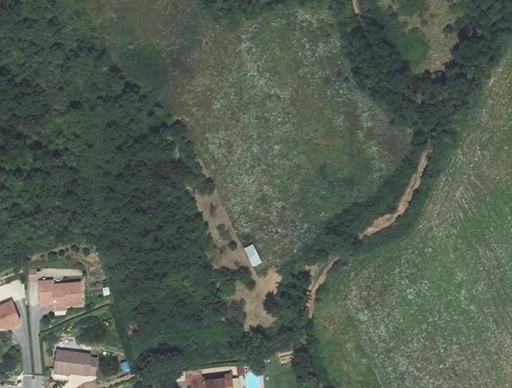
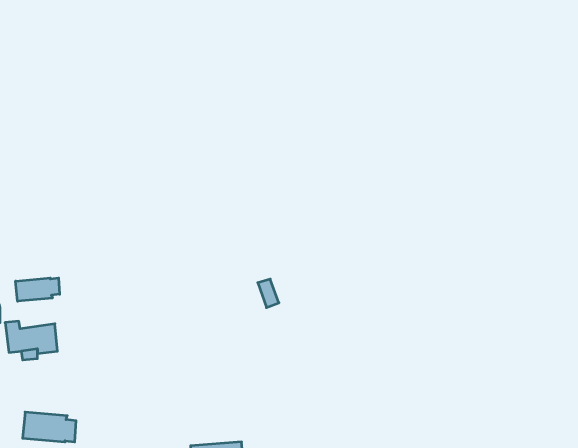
building: none -> [16,278,60,301]

